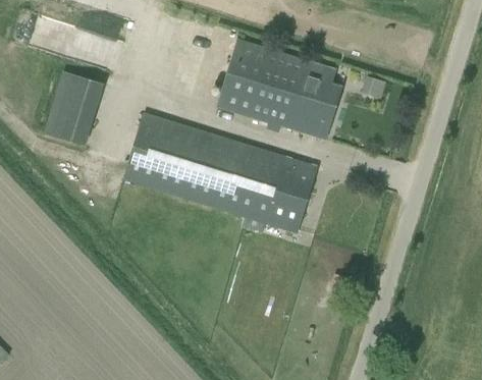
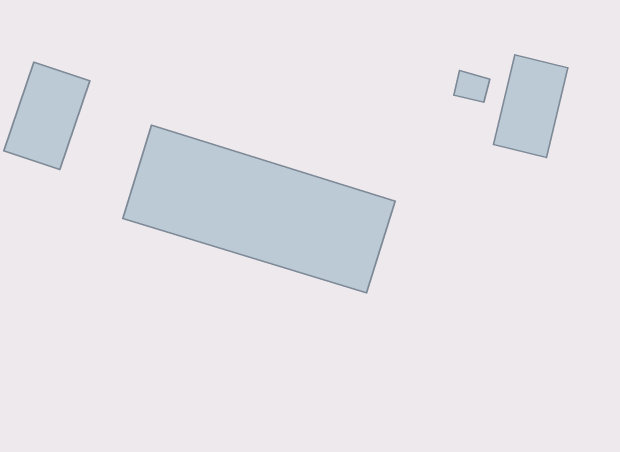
building: [219,39,343,140] -> none
building: none -> [493,55,568,158]

